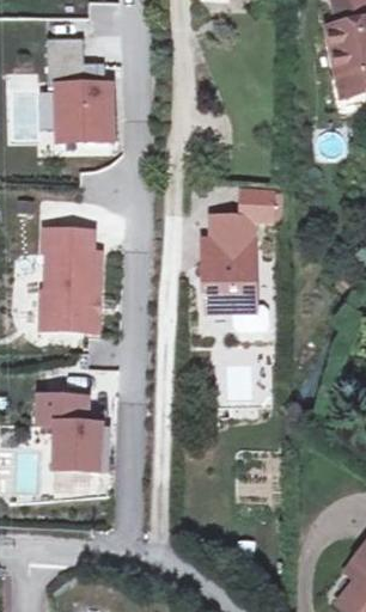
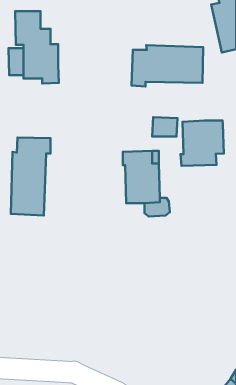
building: none -> [132,45,203,86]
building: none -> [181,120,224,166]
building: [38,396,102,471] -> none

